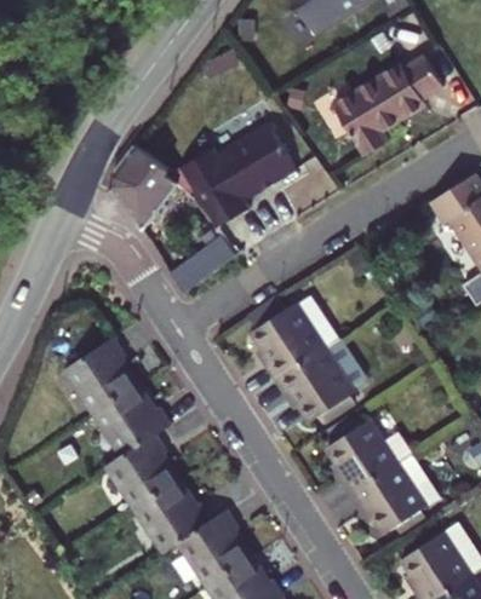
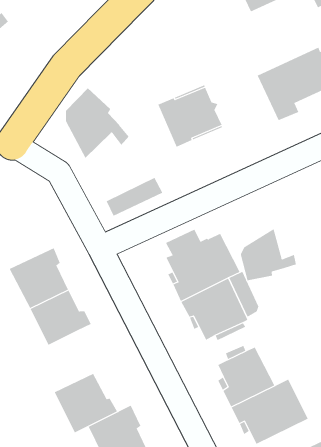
building: [182,149,250,229] -> none
building: none -> [240,228,297,281]
building: [109,430,182,505] -> none

